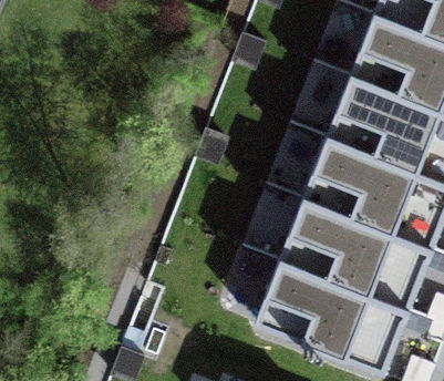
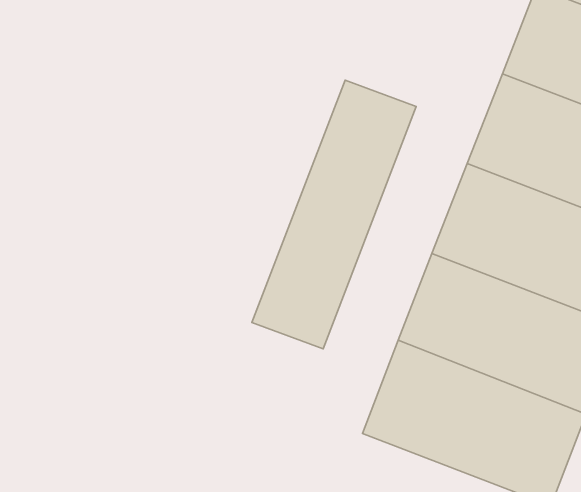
building: none -> [252,80,416,349]

